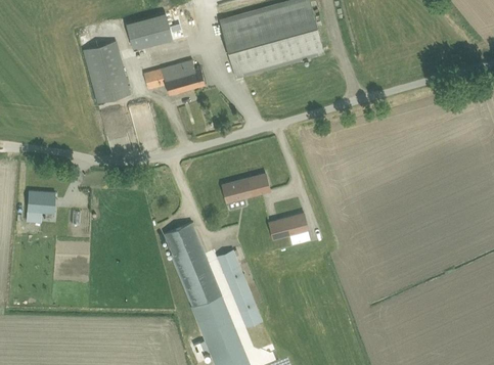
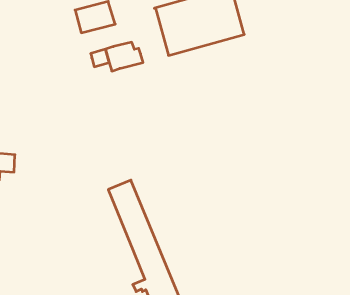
building: [82,41,129,102] -> none
building: [221,174,269,201] -> none
building: [268,214,306,238] -> none
building: [216,248,261,327] -> none

